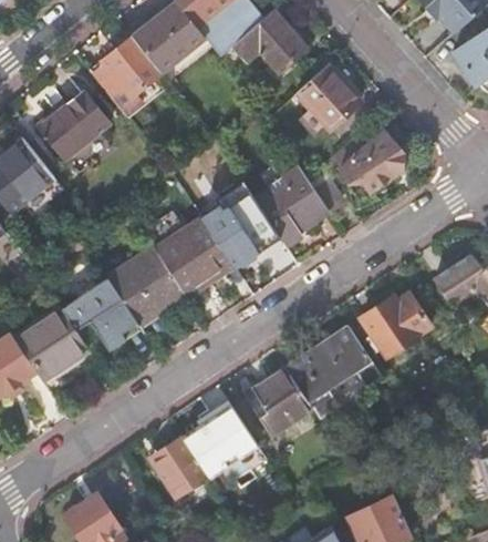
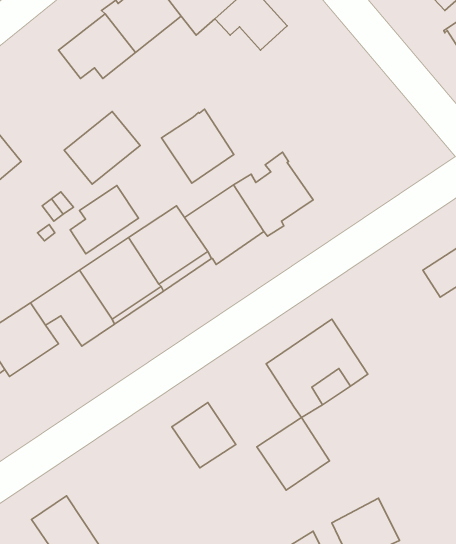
building: [295,64,360,129] -> none
building: [38,90,110,158] -> [64,112,140,184]
building: none -> [161,109,234,183]
building: [341,129,405,191] -> none
building: none -> [70,186,138,254]
building: [361,292,433,356] -> none
building: [243,367,312,436] -> [257,418,329,490]
building: [149,436,216,498] -> none

